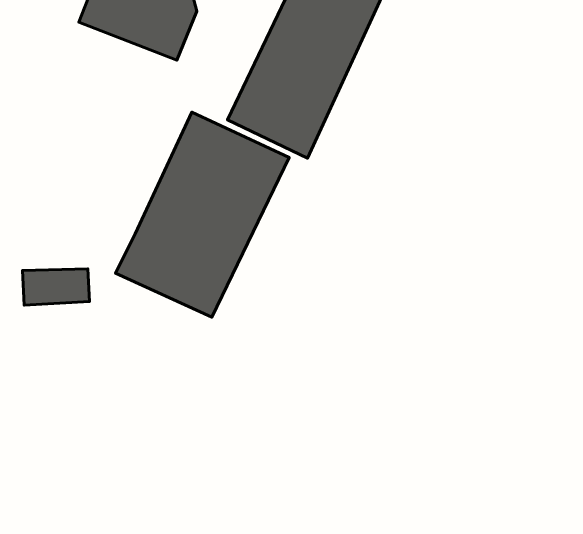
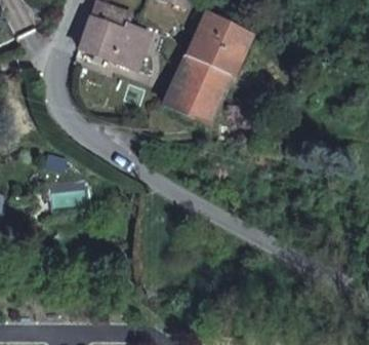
building: [116,112,289,317] -> none

